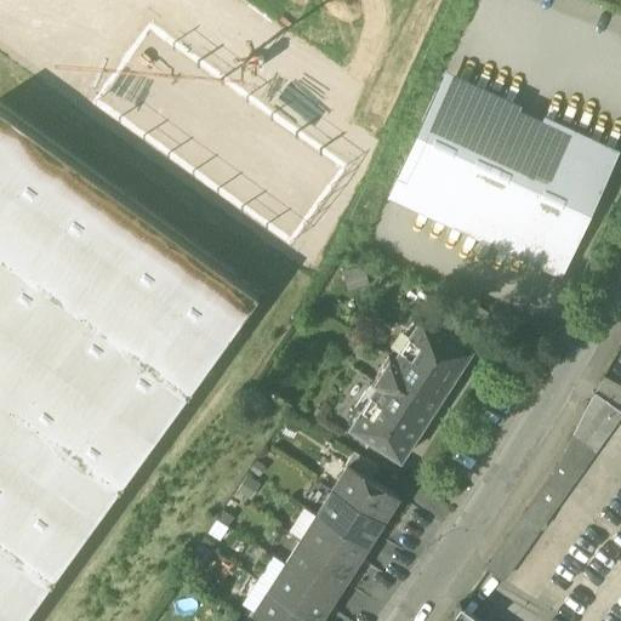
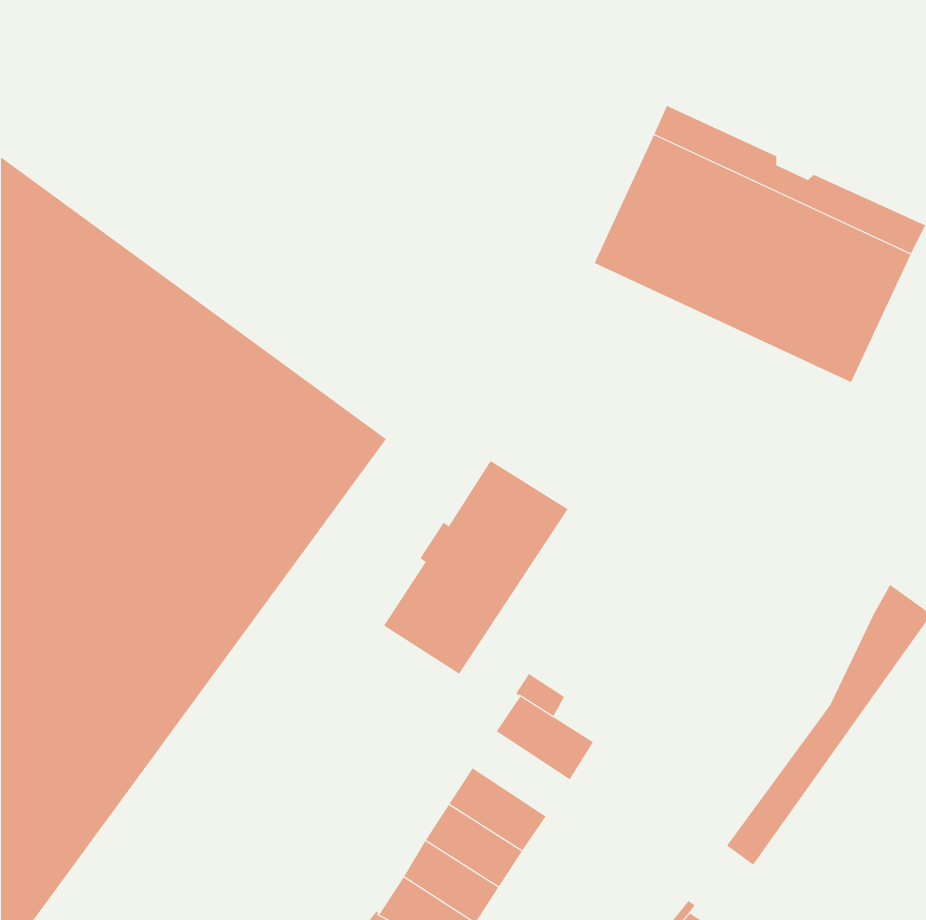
building: [91,28,348,251] -> none
building: [388,181,570,281] -> none
building: [349,320,473,463] -> [383,460,568,674]
building: [317,494,382,551] -> none

